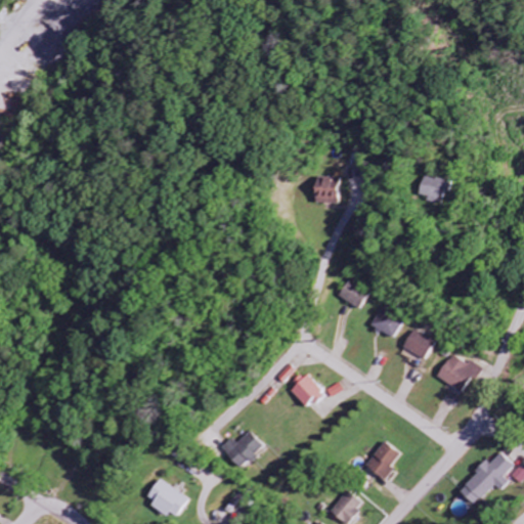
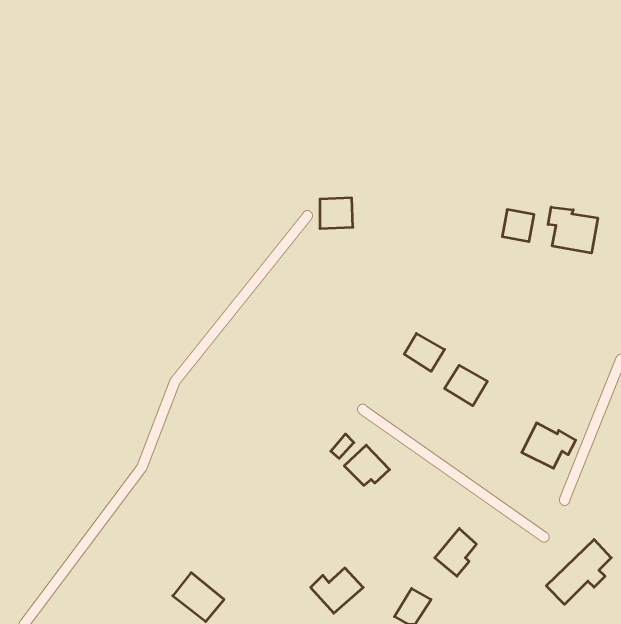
building: none -> [548,207,598,253]
building: [311,177,339,203] -> [320,198,353,229]
building: [402,330,436,359] -> none
building: [220,431,264,469] -> [311,568,363,613]

